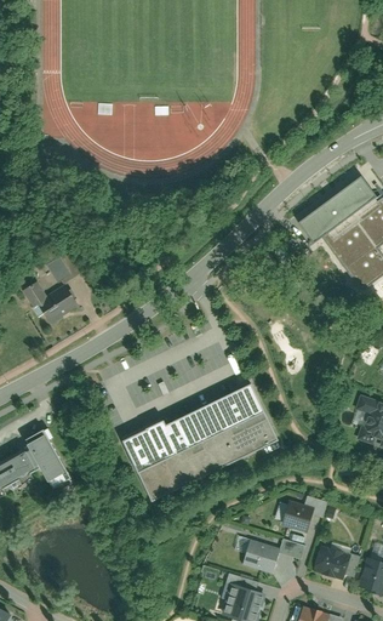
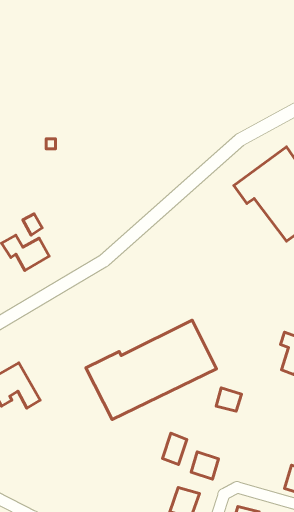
building: [285,502,315,530] -> [216,388,241,411]
building: none -> [162,433,187,465]
building: [314,546,349,579] -> none

